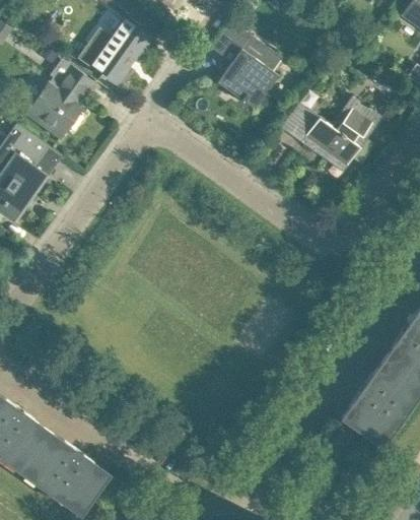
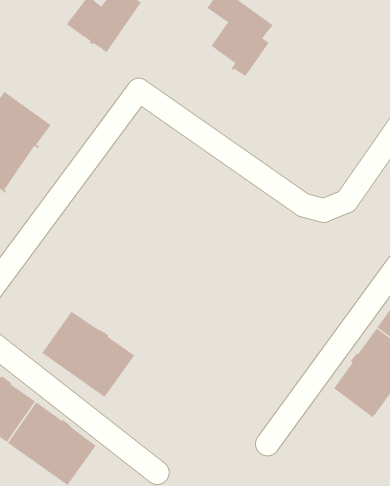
building: [26,63,92,139] -> none
building: [289,98,378,167] -> none
building: none -> [42,311,135,398]

